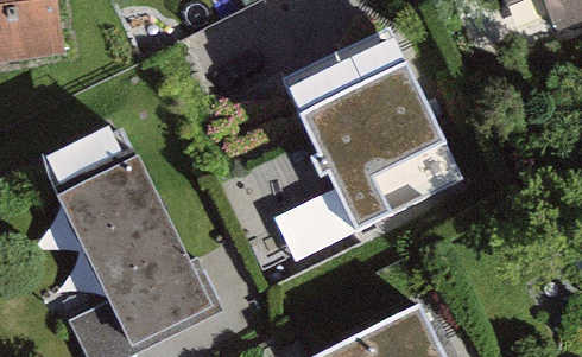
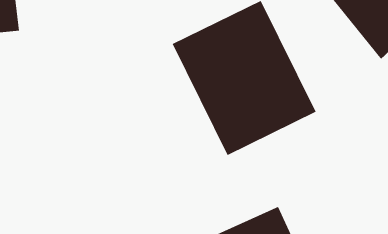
building: [63,153,201,330] -> none

